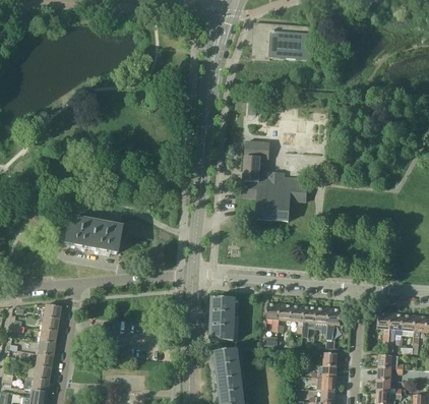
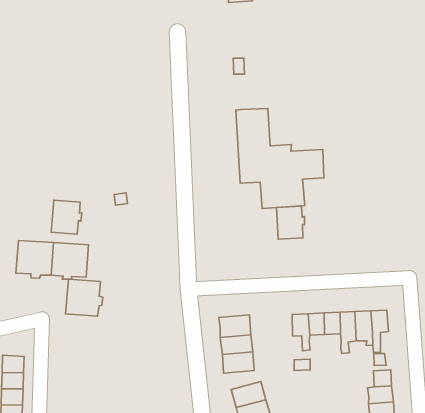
building: none -> [51,200,82,234]
building: none -> [277,206,304,239]
building: none -> [65,279,103,316]

